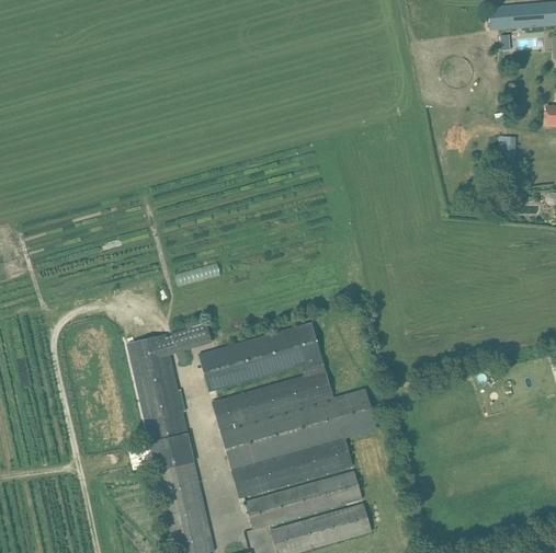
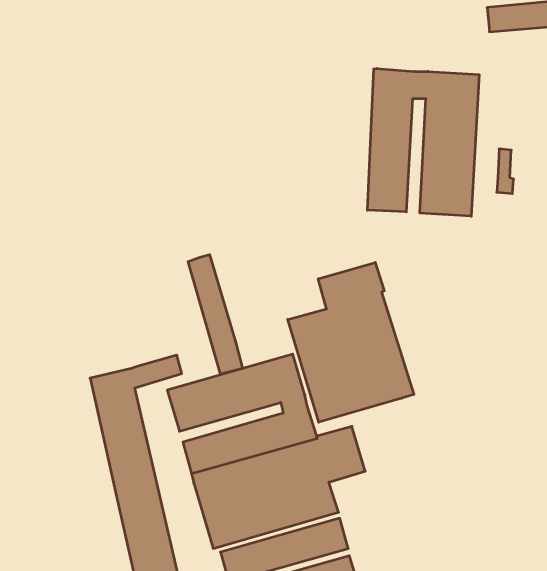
building: none -> [367,68,479,216]
building: none -> [188,255,243,374]
building: none -> [288,262,414,422]

